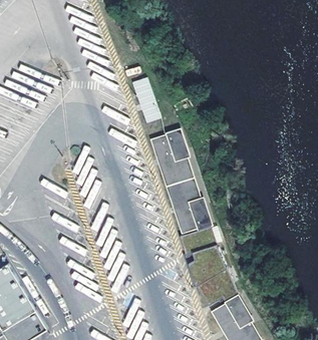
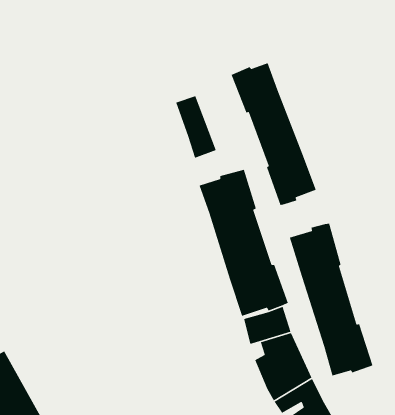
building: none -> [231,62,317,206]
building: none -> [289,223,373,377]

